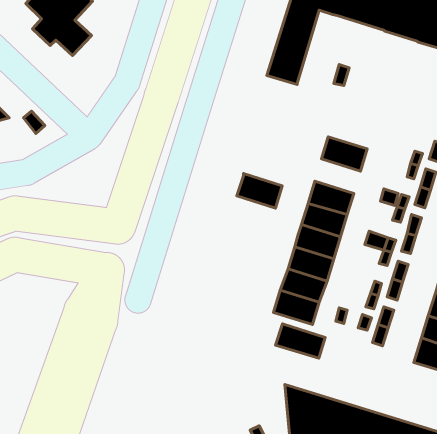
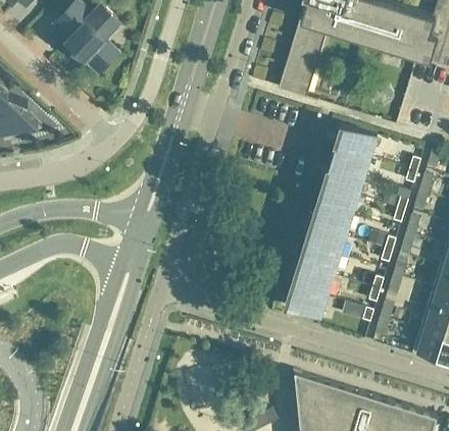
building: none -> [334,126,377,157]
building: [237,174,282,208] -> [321,166,363,198]
building: [276,324,325,358] -> none

